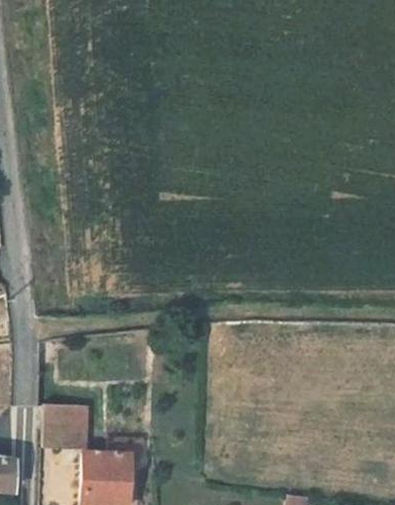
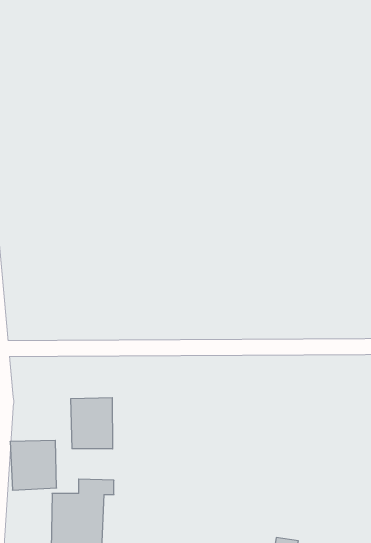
building: none -> [71,398,113,449]

